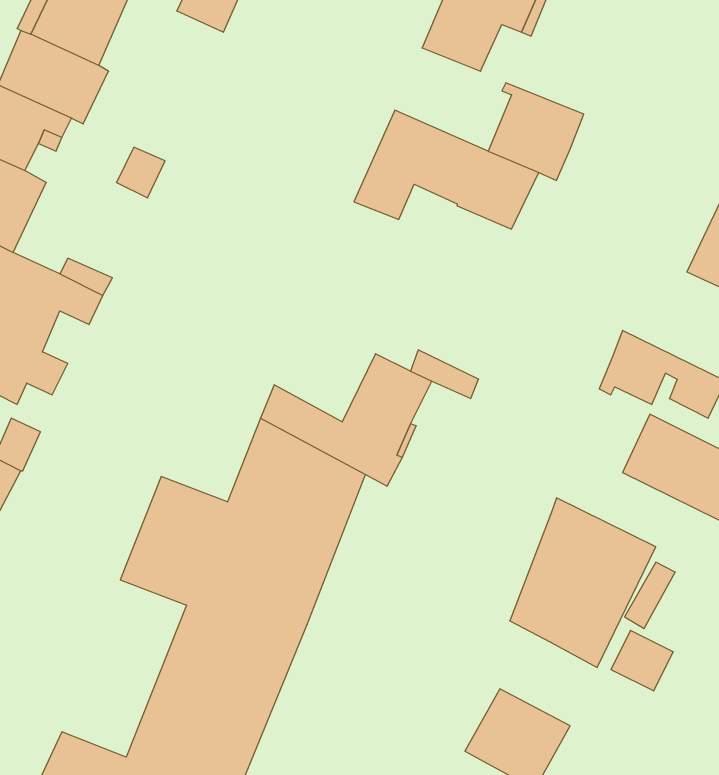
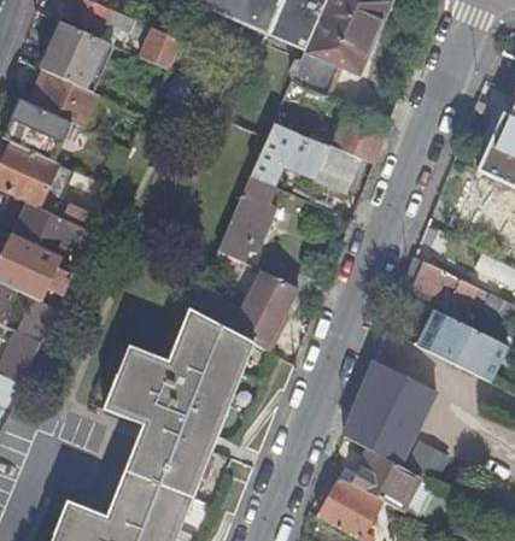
building: none -> [217,176,277,261]
building: none -> [352,448,421,510]

